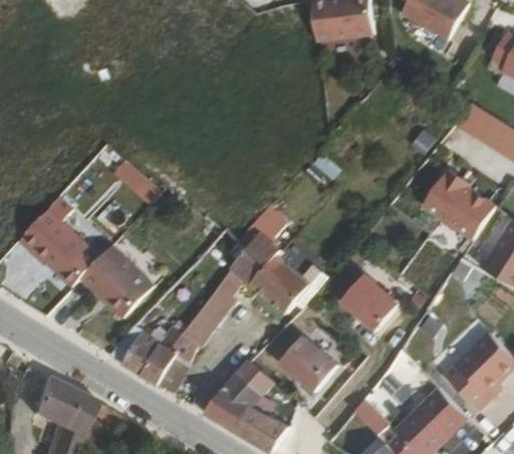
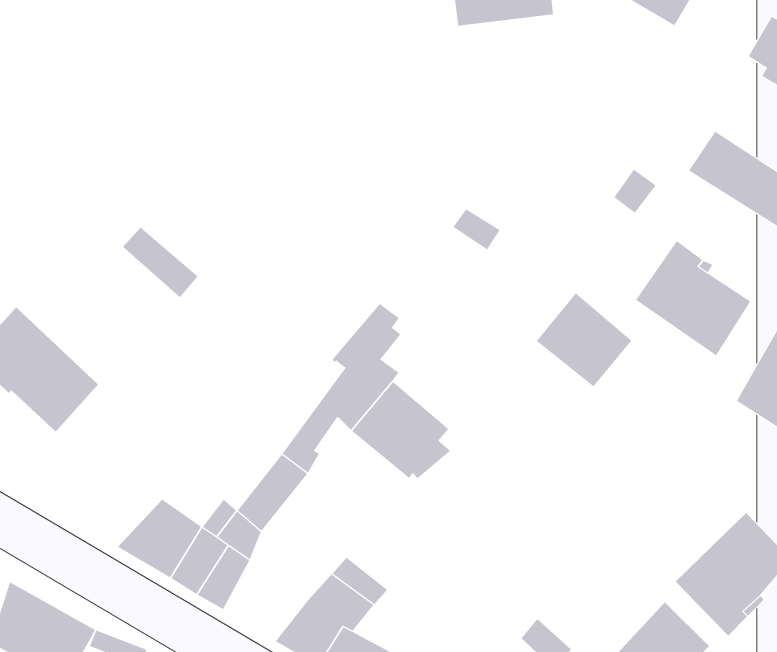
building: [80,244,151,314] -> none
building: [338,274,397,331] -> [536,293,632,387]
building: [279,335,336,392] -> none

